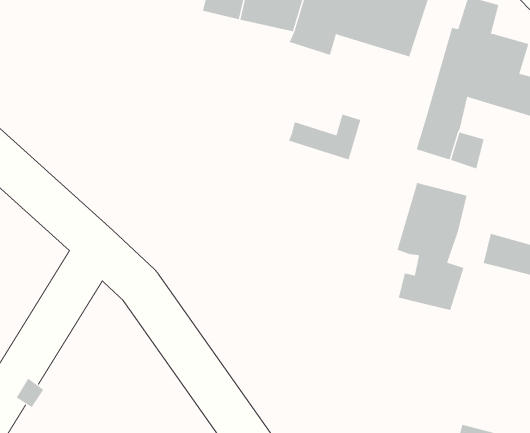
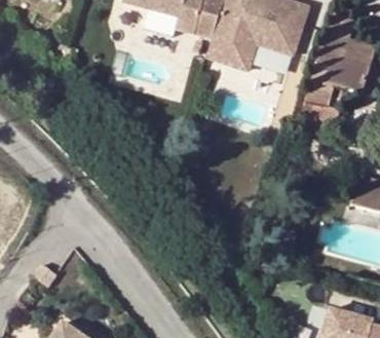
building: [288,114,361,160] -> [206,41,257,73]
building: [397,182,467,311] -> none

